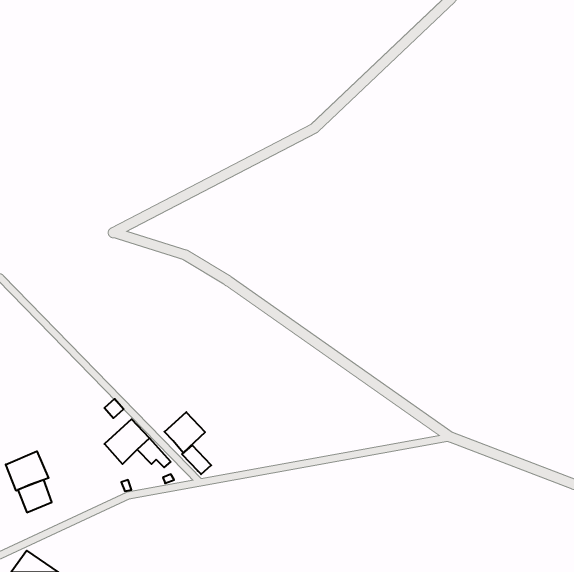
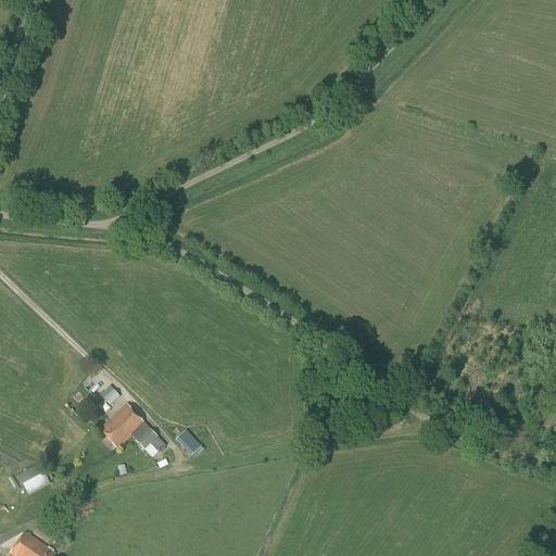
building: [164,412,205,453] -> none
building: [6,451,49,491] -> none

